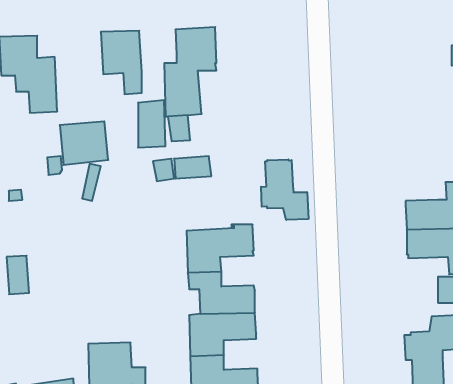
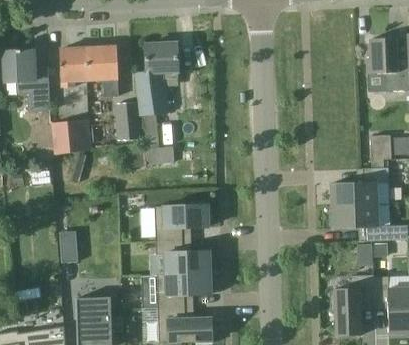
building: none -> [59,46,87,86]
building: [261,159,308,220] -> none
building: [7,256,29,294] -> [59,230,77,261]

